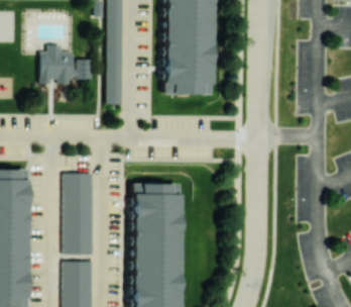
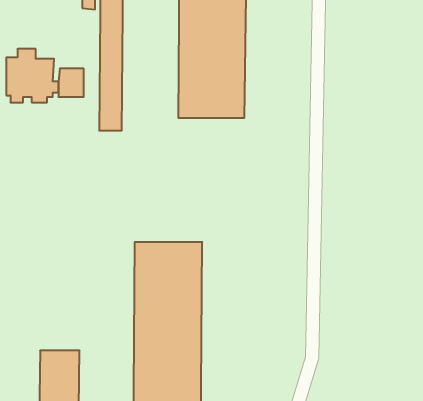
building: [66,173,95,255] -> none

